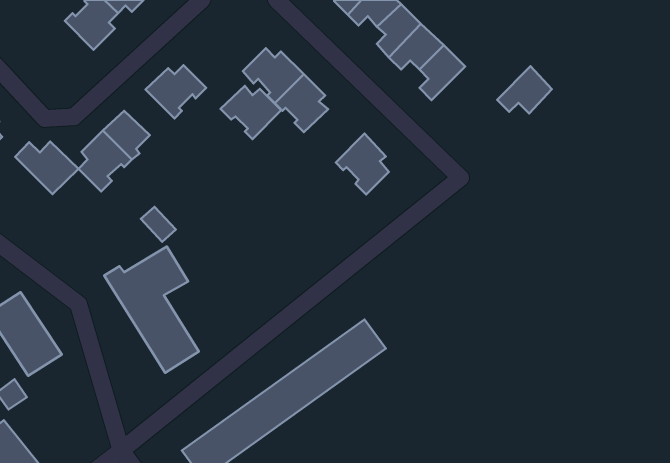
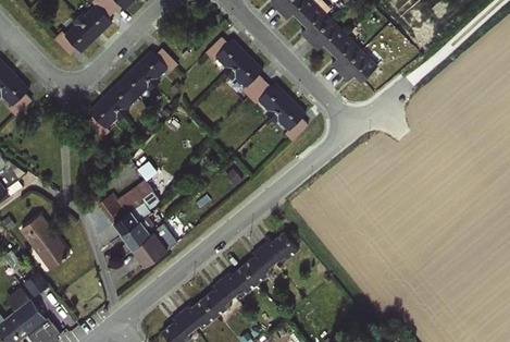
building: none -> [51,17,95,56]
building: [497,66,552,113] -> [336,50,375,84]
building: [220,86,281,139] -> [245,81,288,119]
building: none -> [116,66,152,99]
building: [15,142,78,194] -> none

